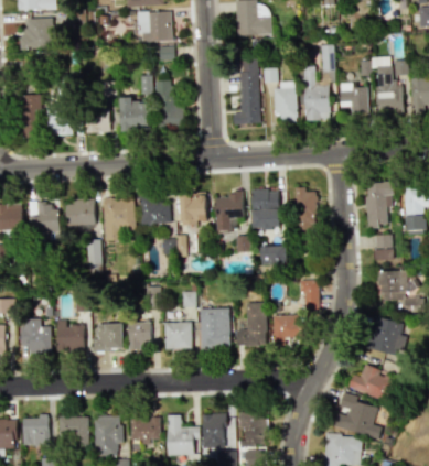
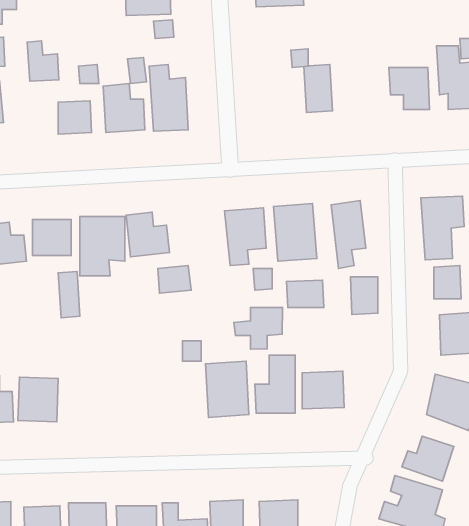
building: [310,44,336,113] -> none
building: [236,55,262,126] -> none
building: [49,105,73,136] -> [27,41,59,81]
building: [179,194,210,228] -> none
building: none -> [234,307,282,349]
building: [299,279,320,307] -> [351,277,378,315]
building: [128,321,151,350] -> none
building: [163,321,193,349] -> none
building: [90,323,124,354] -> none

